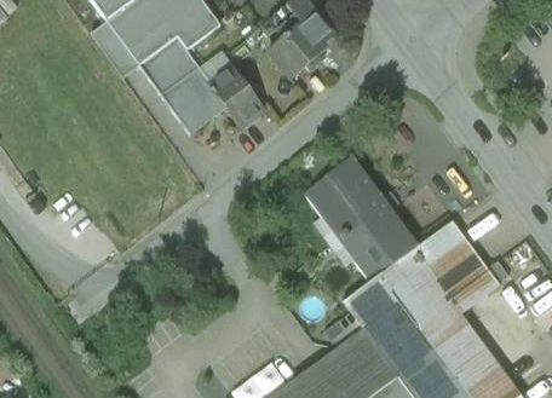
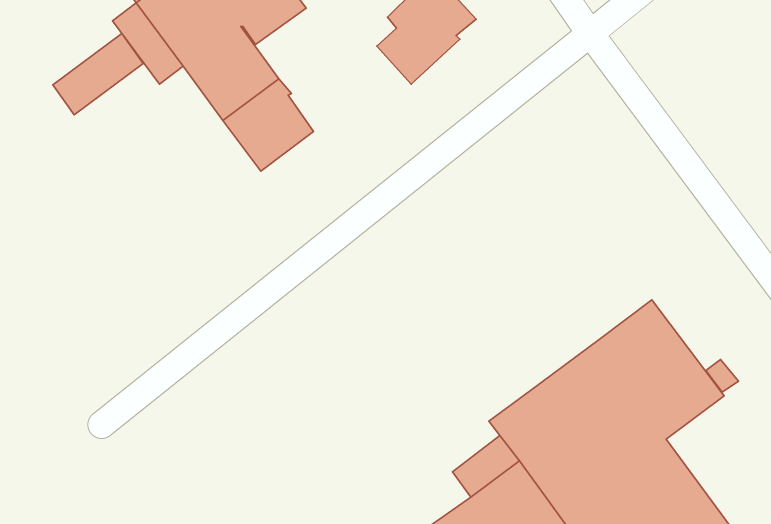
building: none -> [53,34,143,115]
building: [208,67,265,128] -> none
building: [304,158,416,282] -> none

